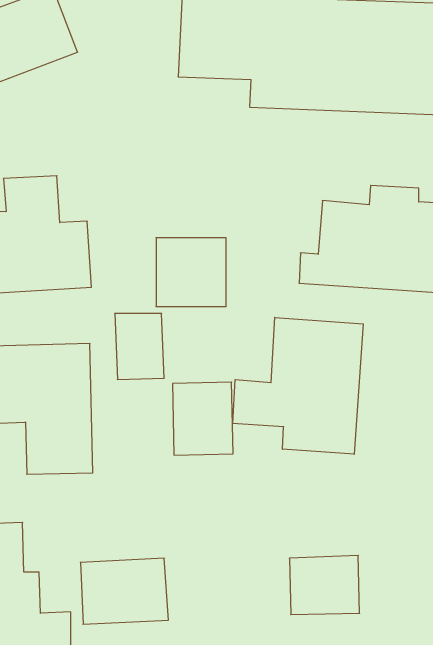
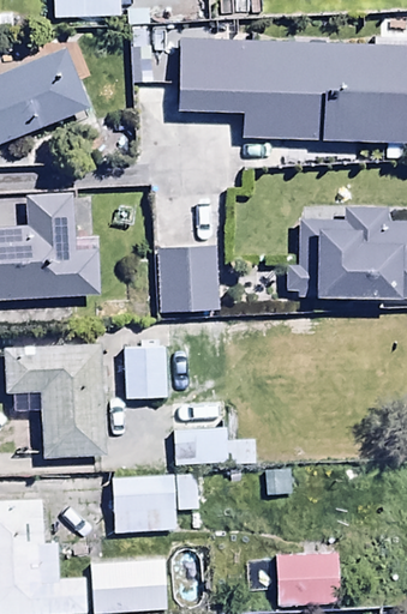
building: [233,317,363,454] -> none
building: none -> [112,456,175,511]

